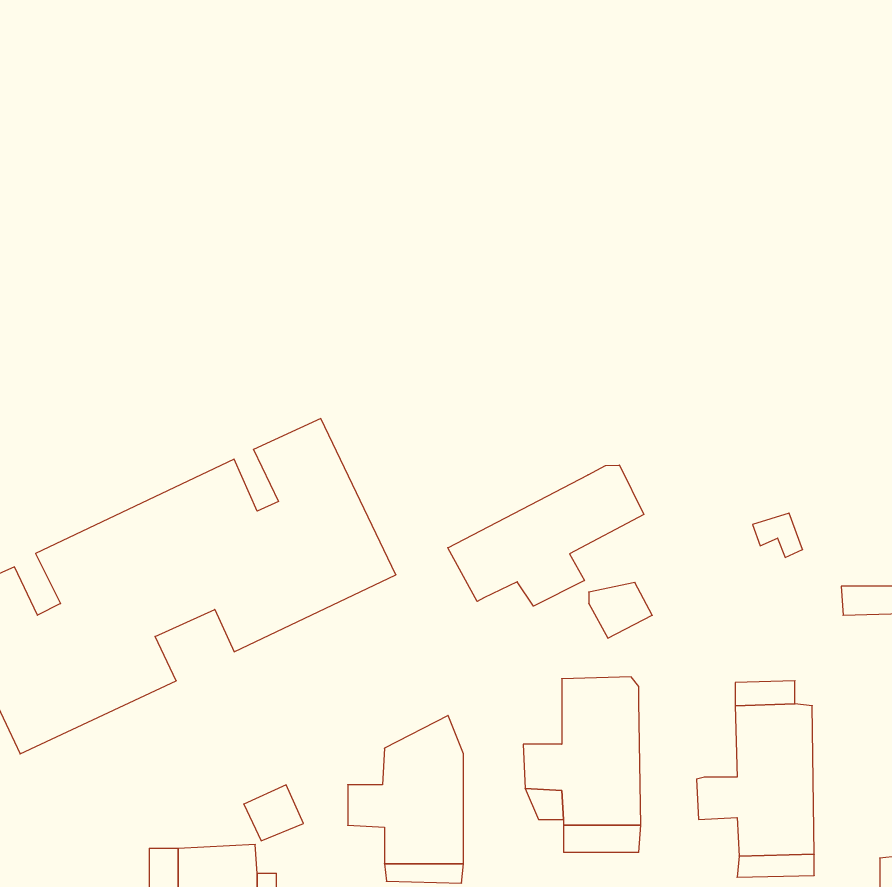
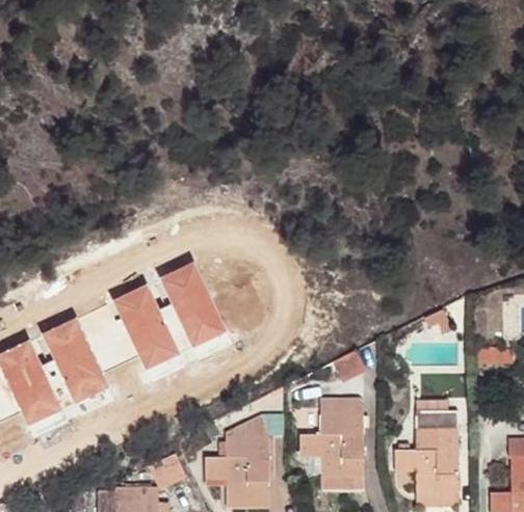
building: [448,465,644,606] -> none

